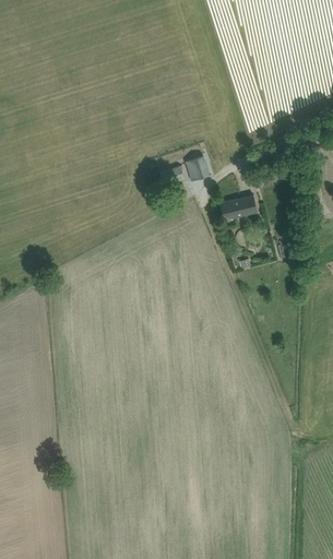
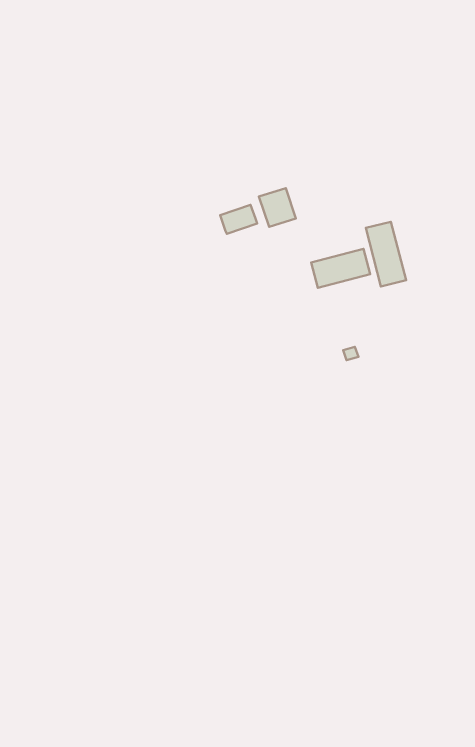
building: none -> [366,222,406,286]

